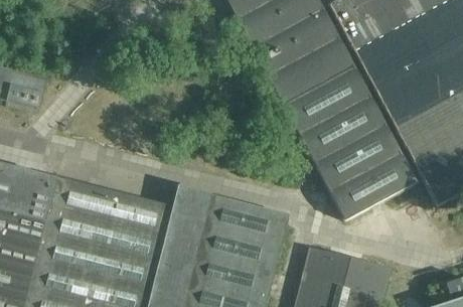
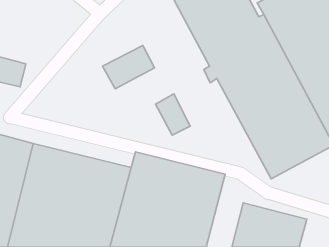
building: none -> [103,46,155,89]
building: none -> [156,94,190,135]

